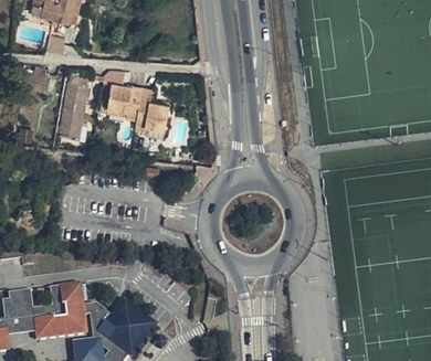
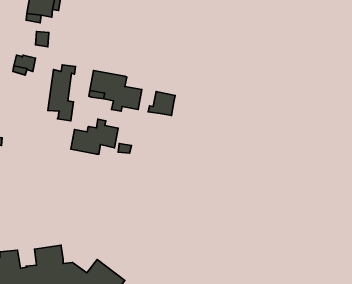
building: none -> [148,91,175,116]
building: none -> [71,119,118,154]

